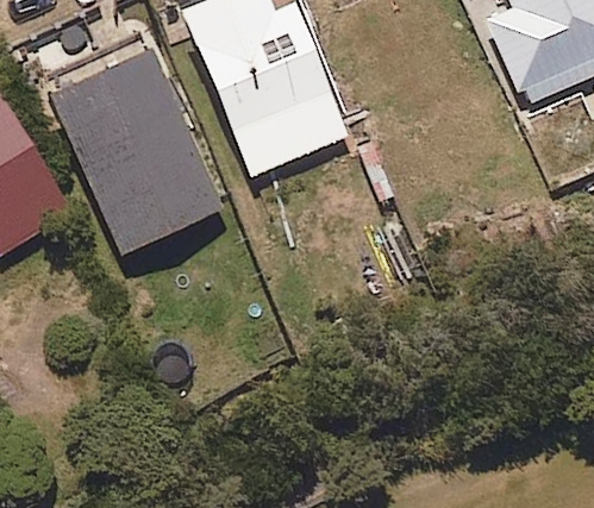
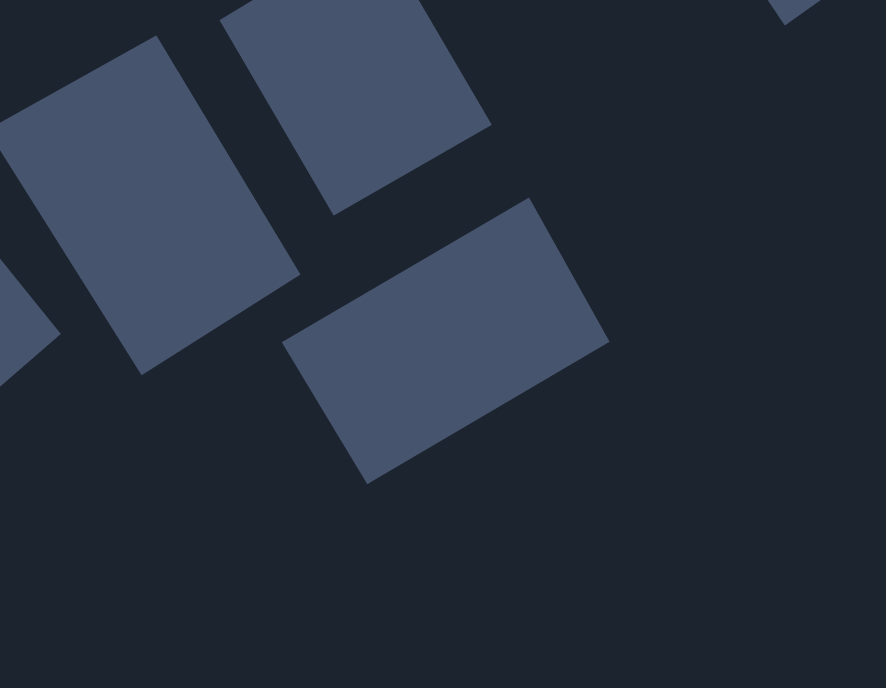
building: none -> [281,196,611,485]

